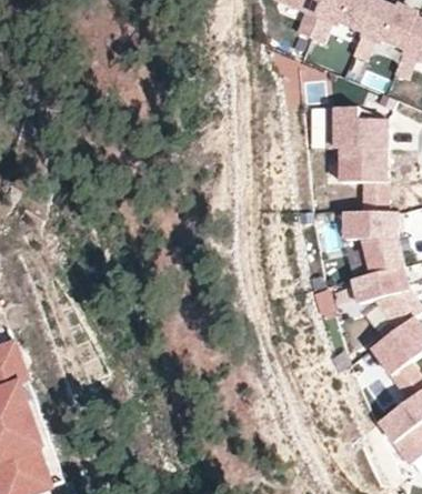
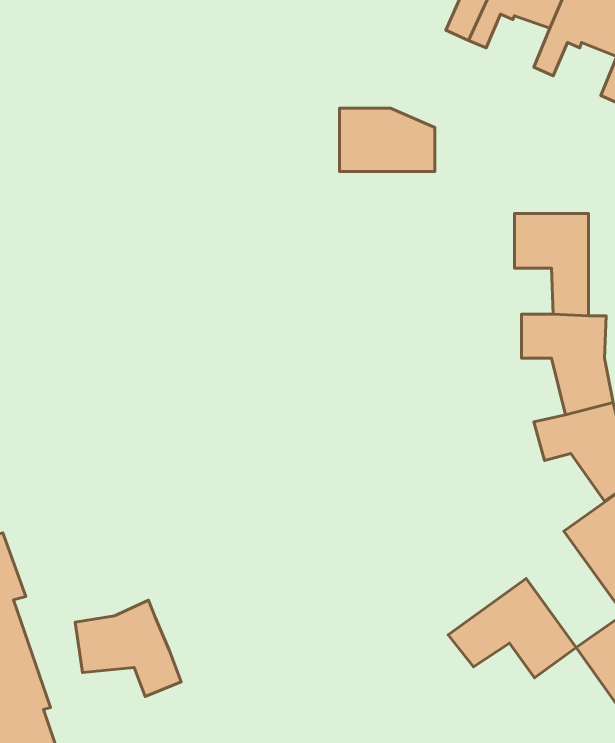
building: [326,107,386,147] -> [339,108,435,172]
building: none -> [448,579,576,678]
building: none -> [75,600,181,697]

